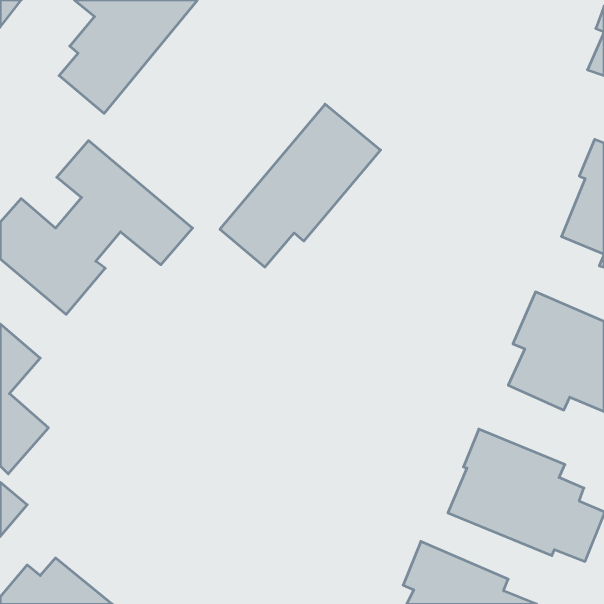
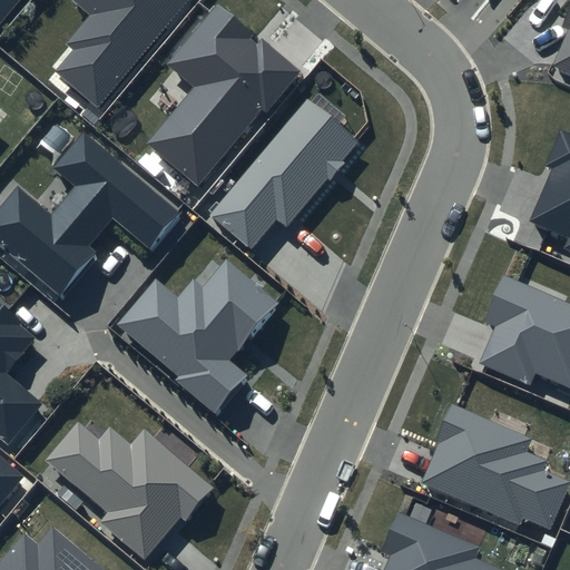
building: none -> [149,4,299,181]
building: none -> [117,261,277,412]
building: none -> [46,422,215,559]

